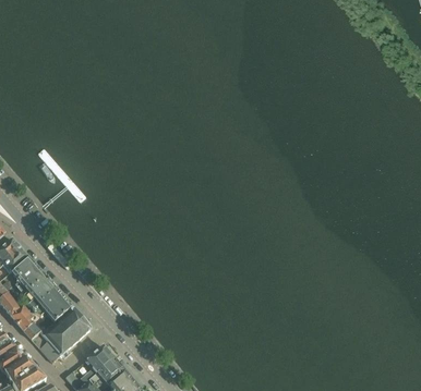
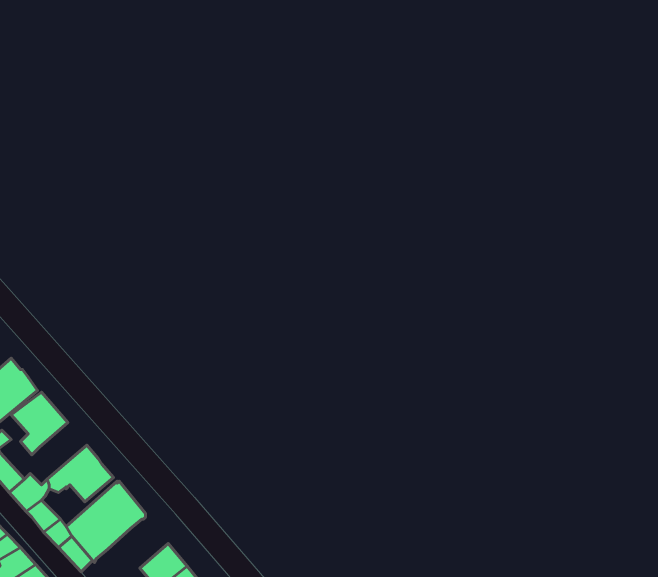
building: [28,274,56,307] -> none

